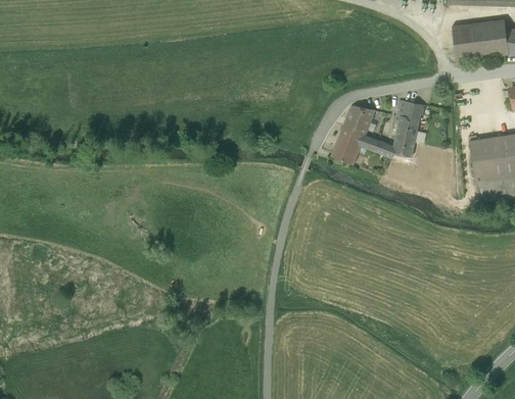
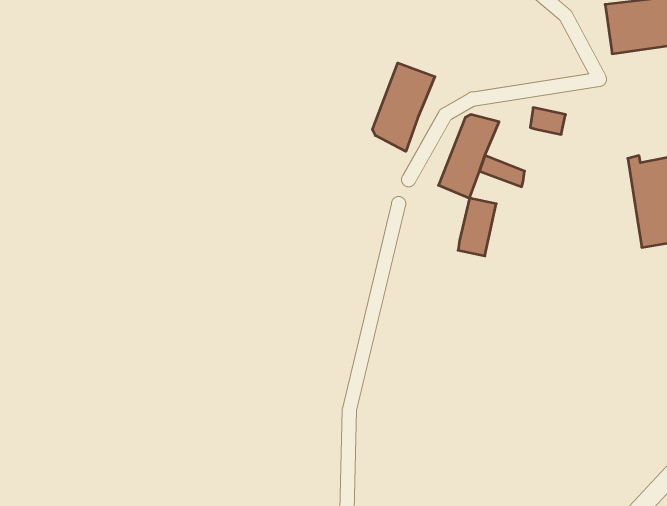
building: none -> [372,63,435,151]
building: [392,115,420,157] -> [458,198,496,256]

